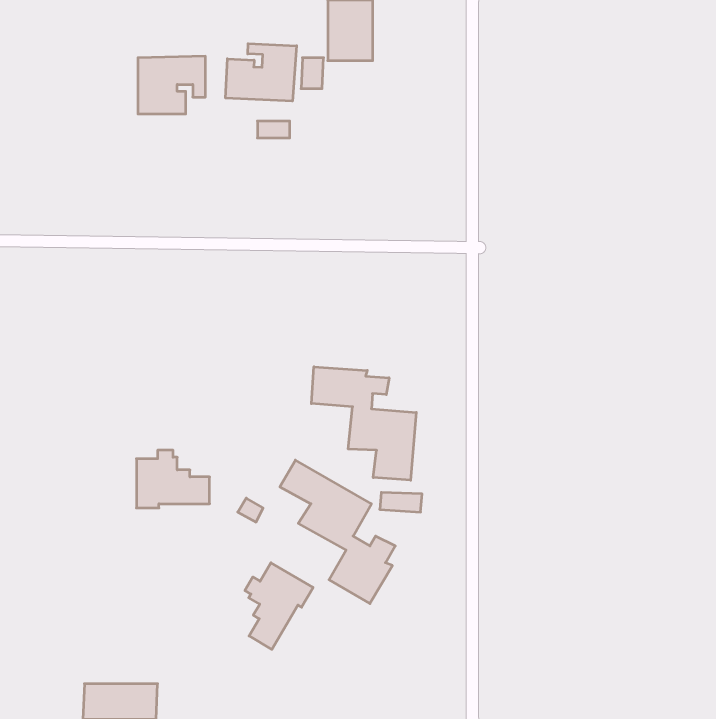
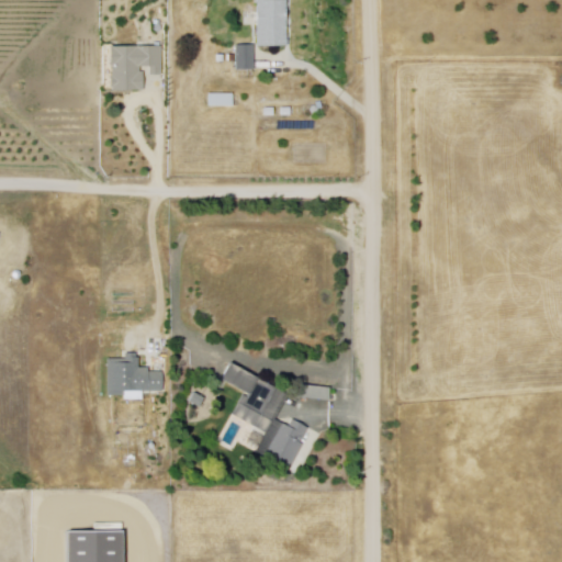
building: [226,44,297,101] -> none
building: [311,367,416,480] -> none
building: [245,563,313,649] -> none

